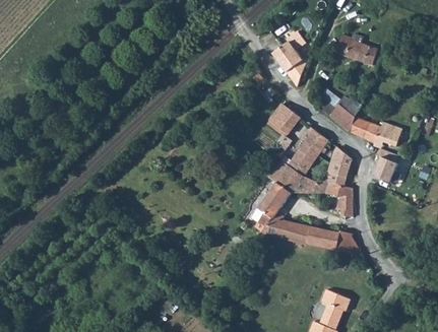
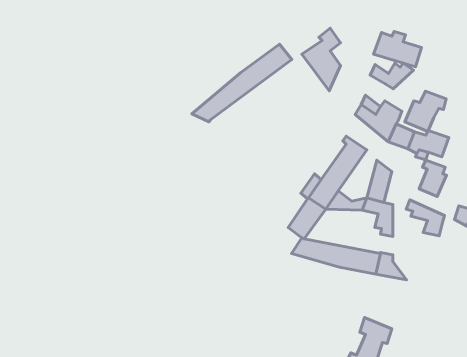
building: none -> [192,44,292,122]
building: none -> [370,63,413,89]
building: none -> [405,91,446,131]
building: [267,101,303,136] -> none
building: none -> [406,200,444,236]

